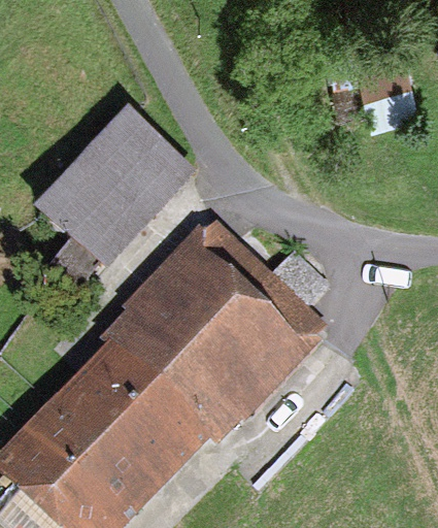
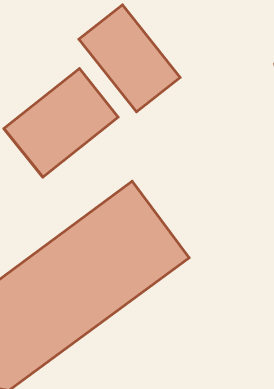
building: none -> [79,5,180,112]

